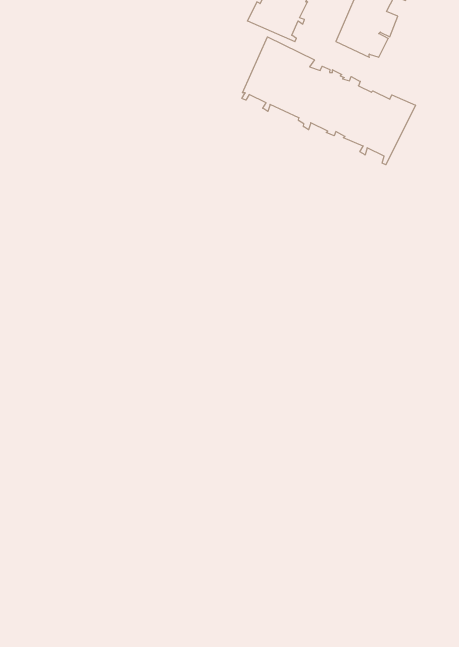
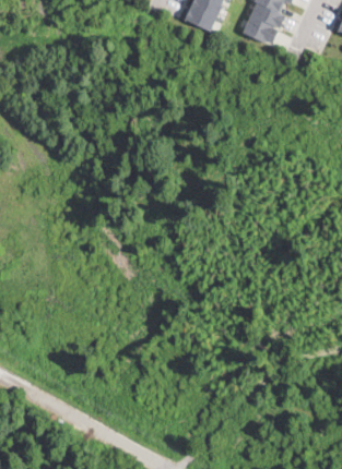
building: [242,37,415,165] -> none

